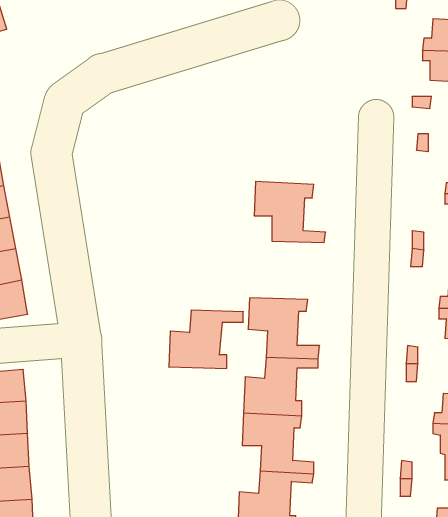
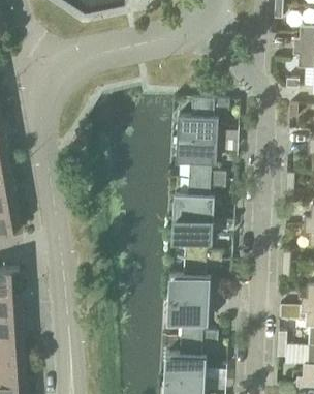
building: none -> [179,98,230,141]
building: [169,310,243,368] -> [175,180,226,220]

